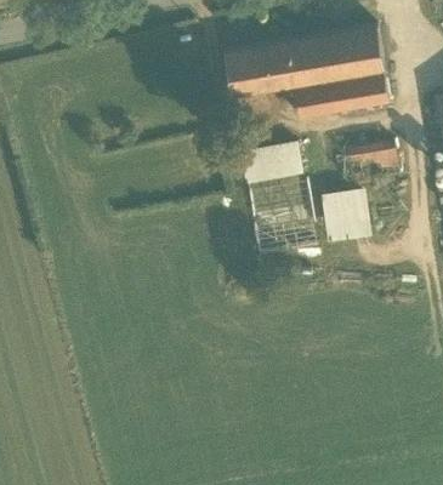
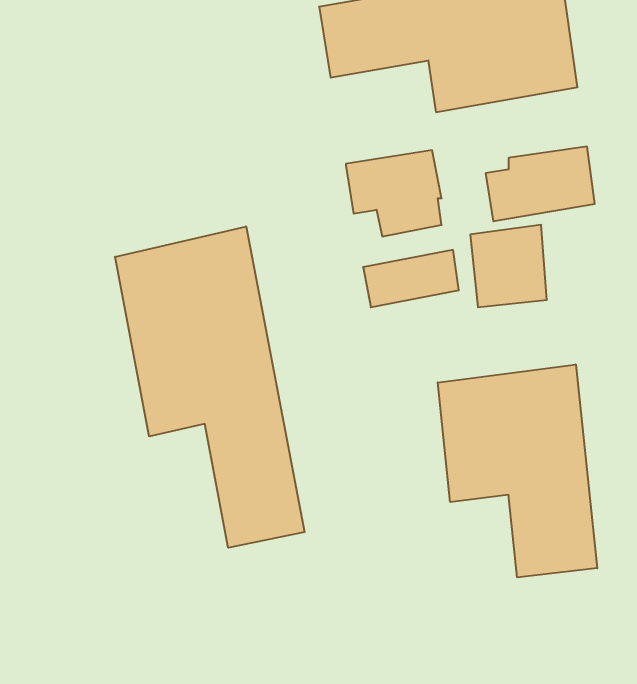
building: none -> [115,226,305,548]
building: none -> [438,364,597,577]

